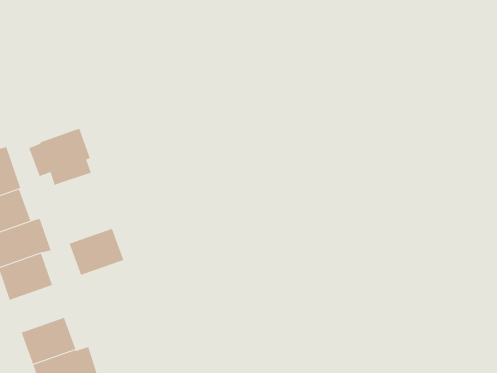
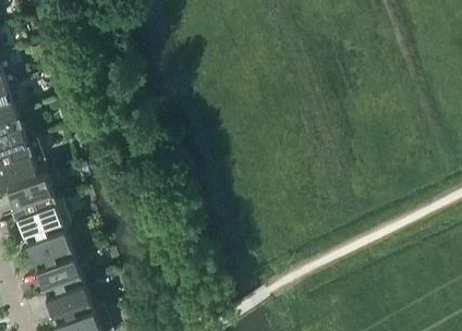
building: [28,128,91,186] -> none
building: [69,228,124,276] -> [34,254,81,294]

